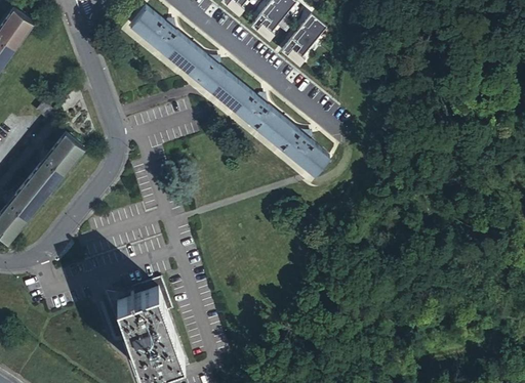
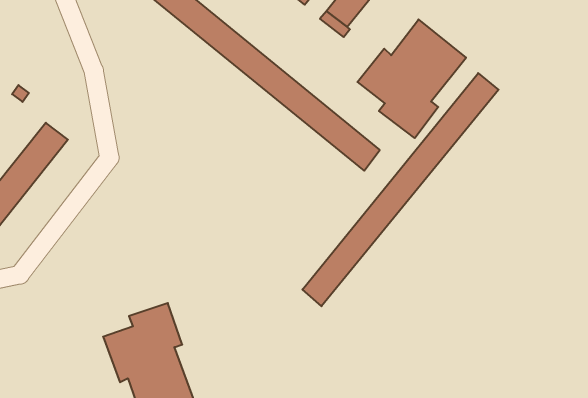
building: none -> [357,19,466,138]
building: none -> [302,73,499,306]

